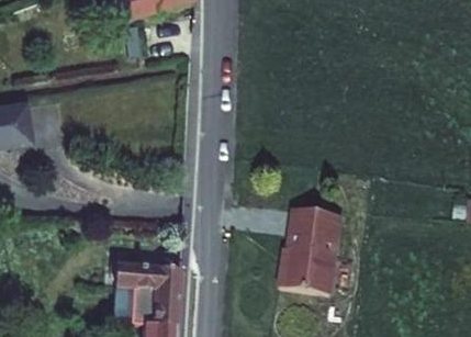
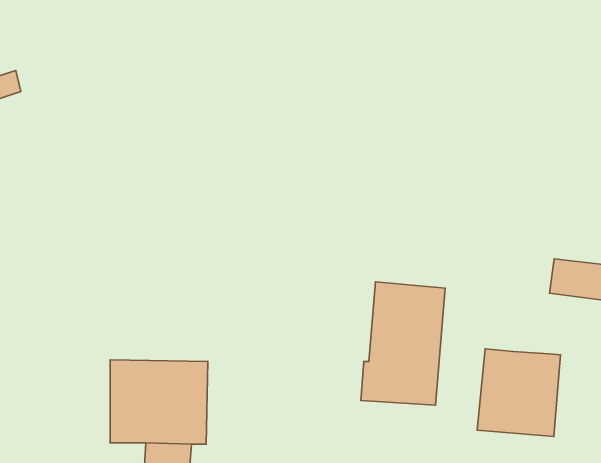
building: none -> [477,349,560,436]

